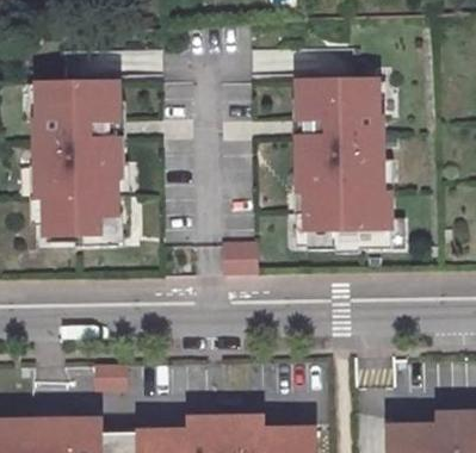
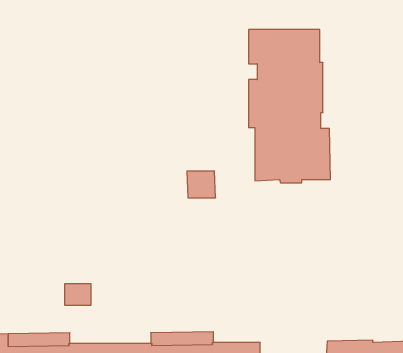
building: [36,82,122,246] -> none

